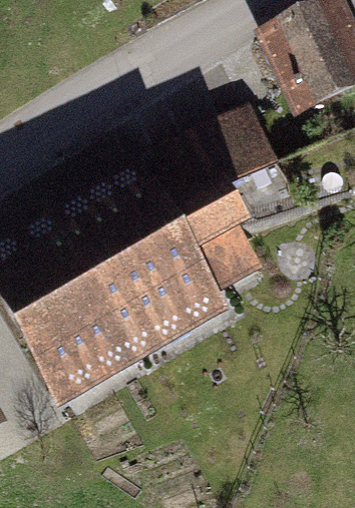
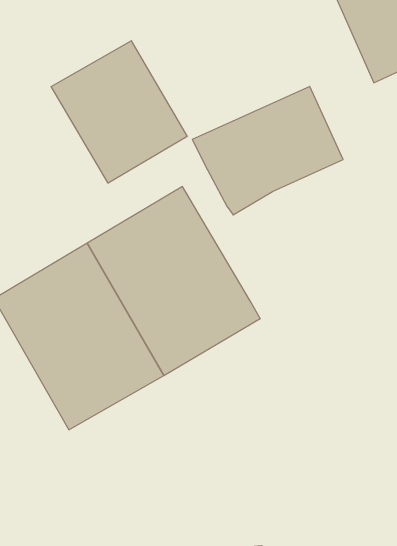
building: none -> [51,41,187,183]
building: [170,206,258,296] -> none

